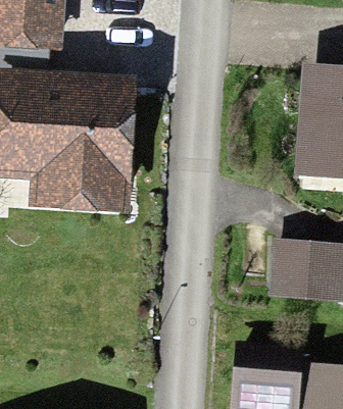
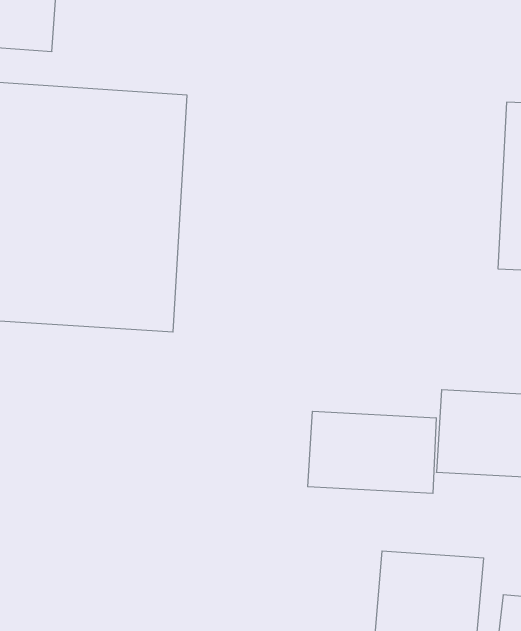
building: none -> [308,411,436,493]

